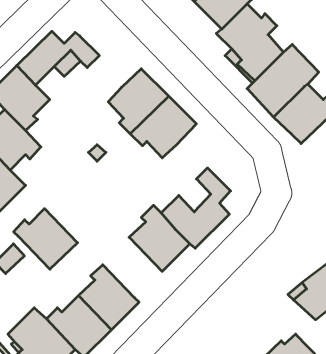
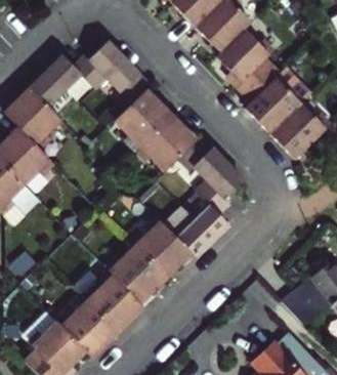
building: none -> [88,41,150,107]
building: none -> [178,137,243,200]
building: [14,209,78,269] -> [106,246,165,302]

